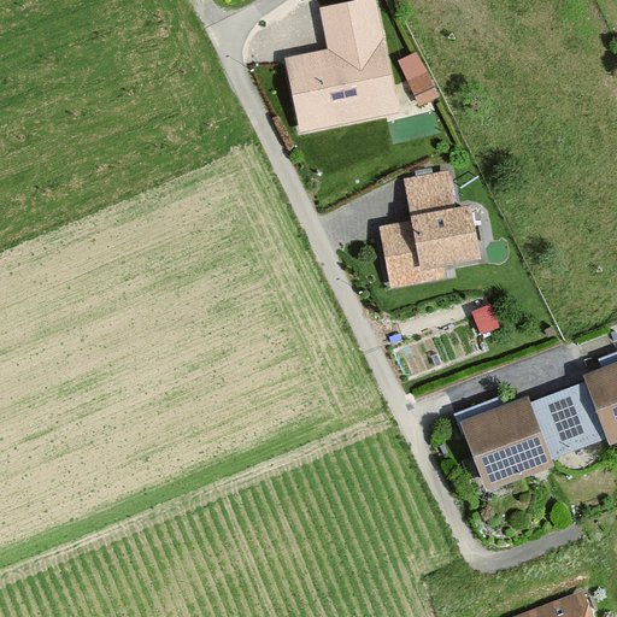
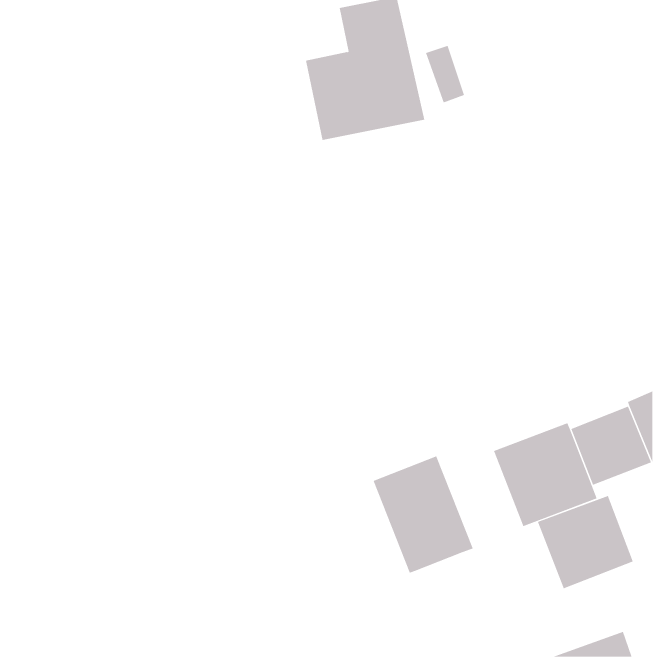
building: [377,169,484,288] -> none
building: none -> [373,456,473,574]
building: none -> [537,495,633,589]

